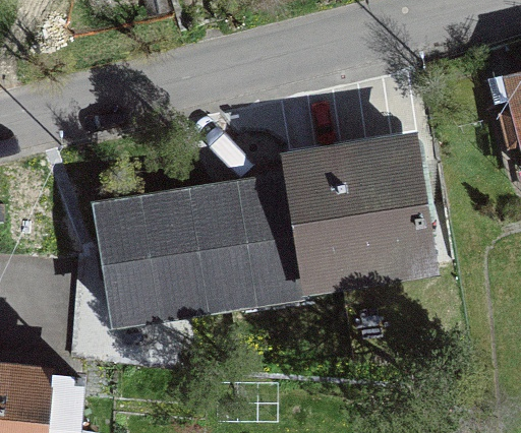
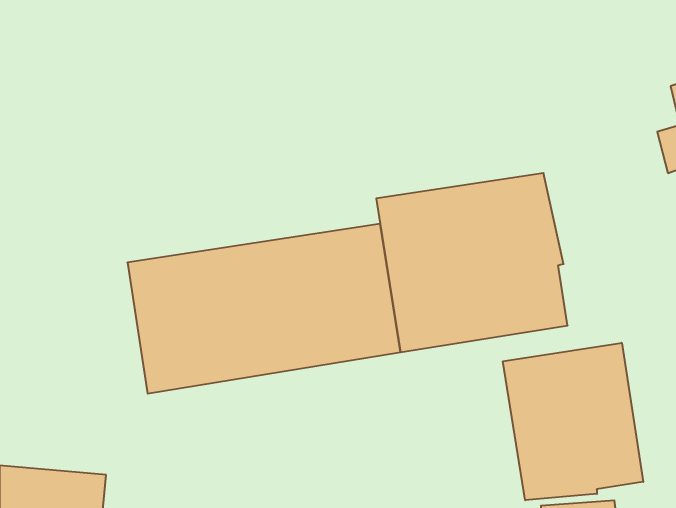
building: none -> [503,343,643,500]

